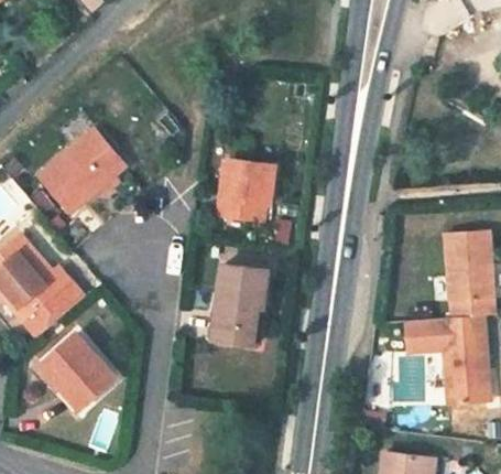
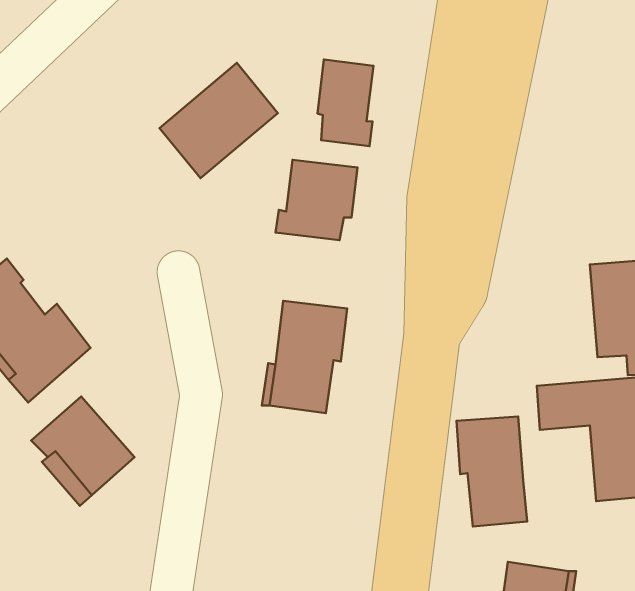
building: none -> [317,59,373,146]
building: [37,127,123,211] -> [159,63,278,178]
building: none -> [457,416,527,527]

